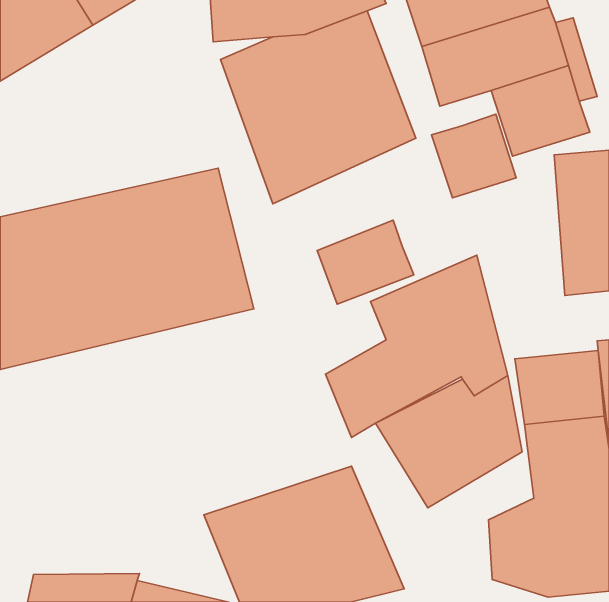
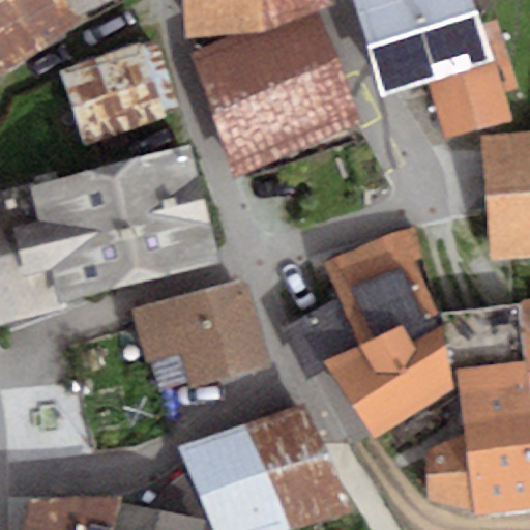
building: none -> [54,36,176,143]
building: [431,114,516,198] -> none
building: [317,220,414,304] -> none
building: none -> [129,279,271,393]

